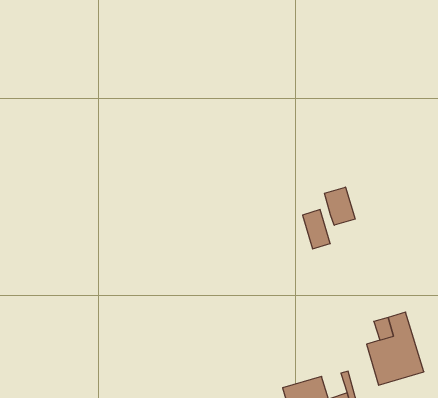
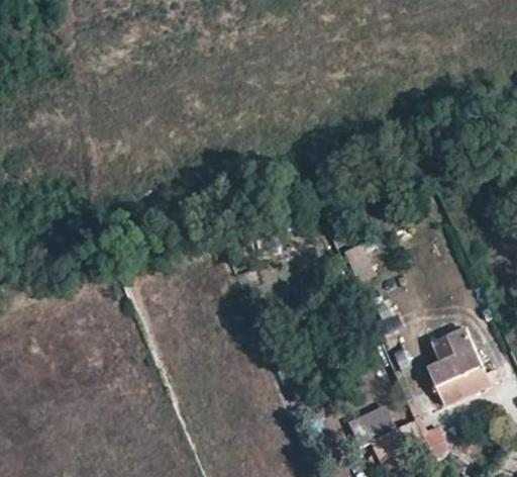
building: [325,187,355,225] -> none

